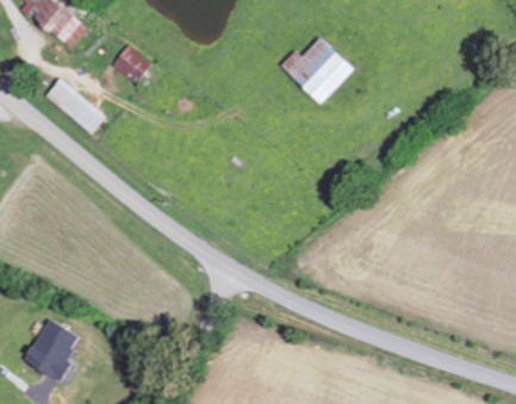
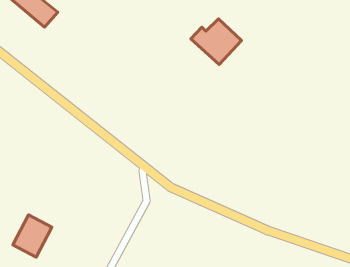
building: [112,44,150,81] -> none
building: [44,79,106,132] -> none

